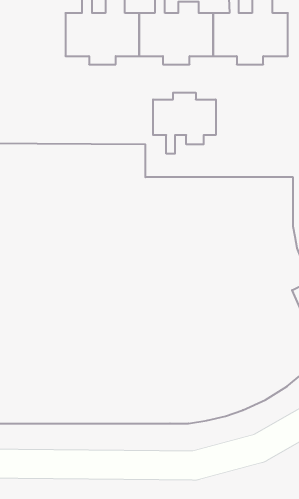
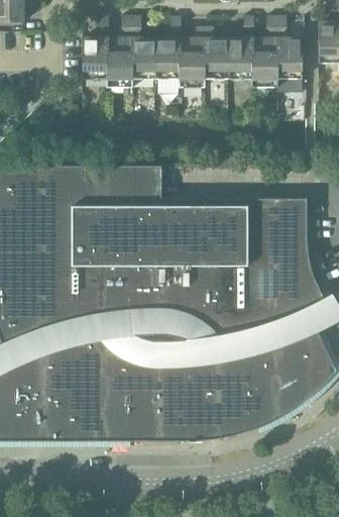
building: [153,93,216,154] -> none

